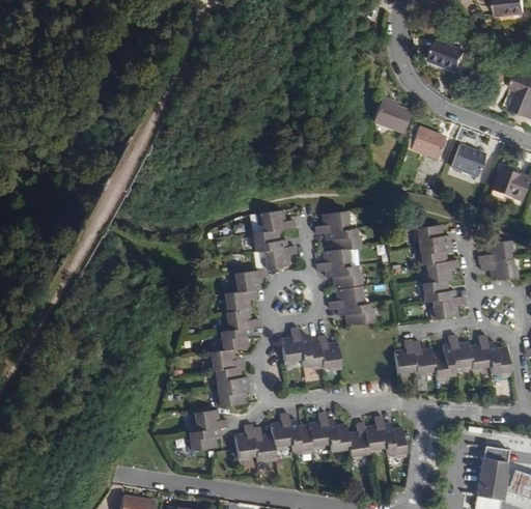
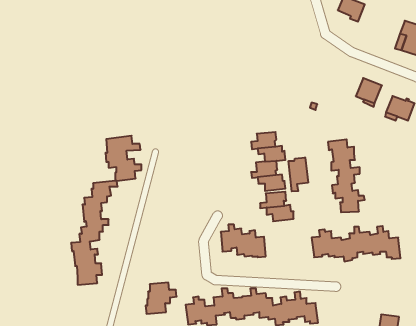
building: [374,102,412,134] -> none
building: [406,129,445,158] -> none
building: [208,214,298,402] -> [71,136,141,285]
building: [477,242,515,280] -> none
building: none -> [289,157,308,191]

